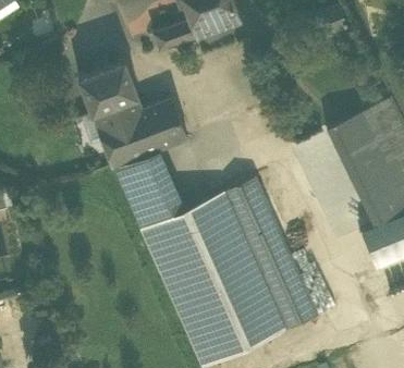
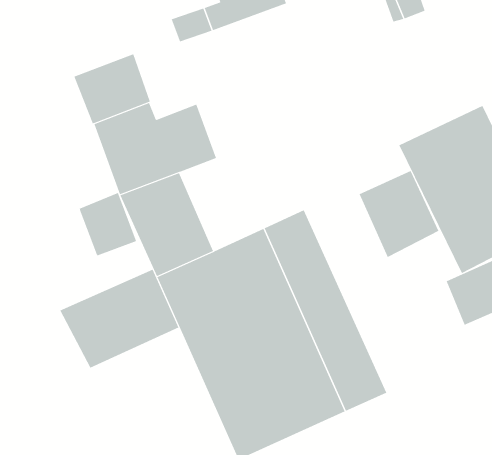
building: none -> [359,170,439,258]
building: none -> [79,192,137,256]
building: none -> [60,269,179,369]

